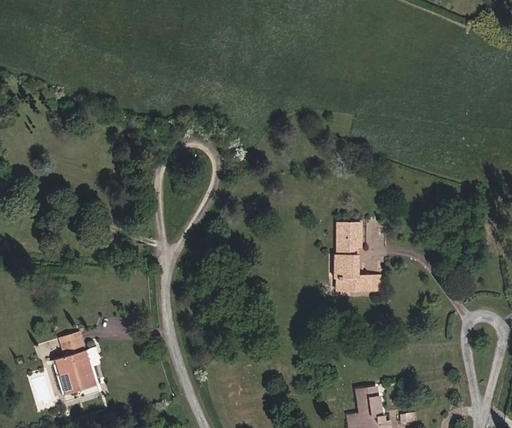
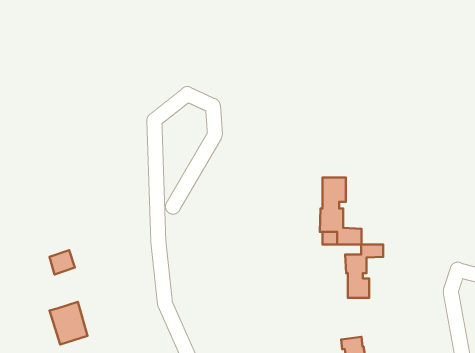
building: none -> [345,244,383,298]
building: [58,332,84,357] -> [50,250,75,274]

